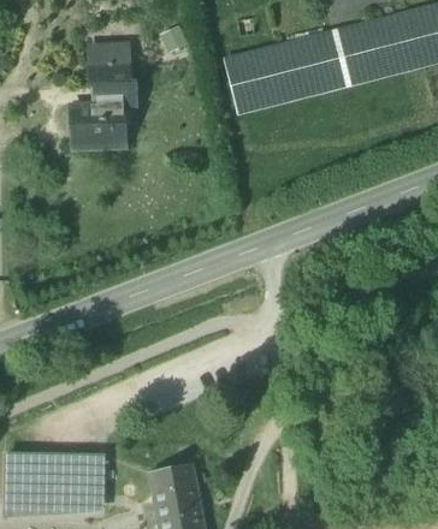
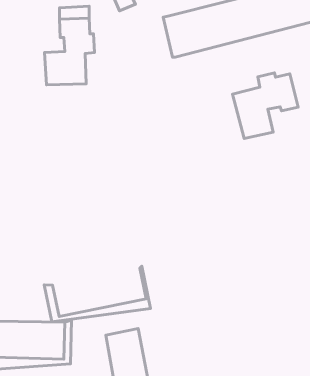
building: none -> [233,73,298,138]
building: none -> [44,266,150,322]

